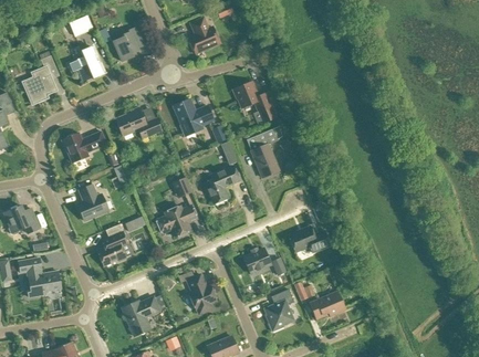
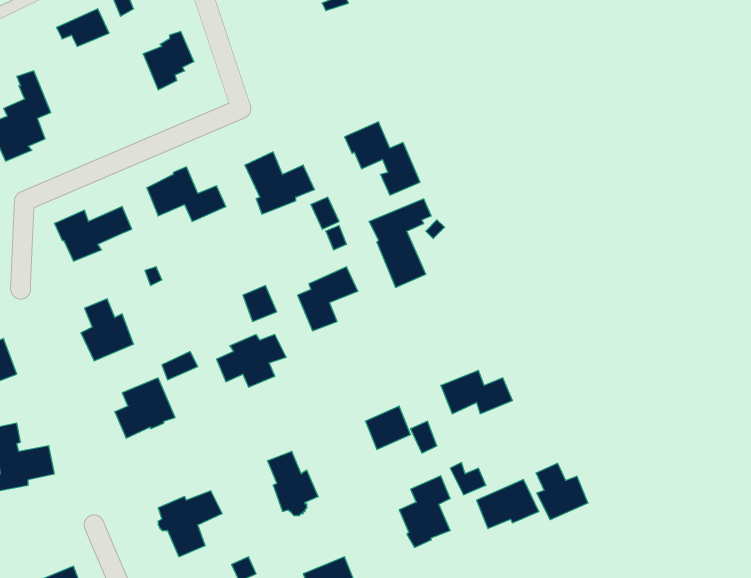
building: [188,18,219,54] -> none
building: [69,46,104,81] -> none
building: none -> [536,463,588,520]

